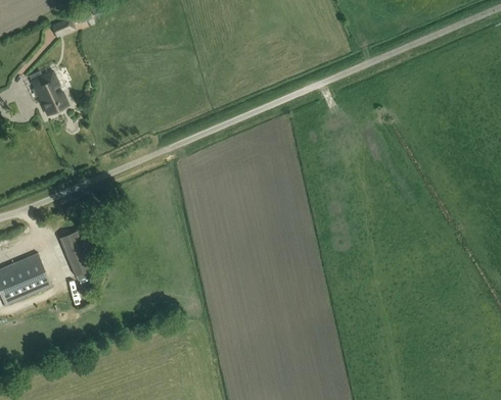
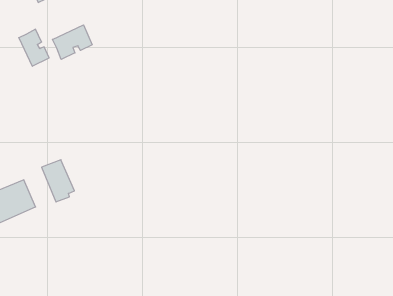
building: none -> [52,25,92,59]

